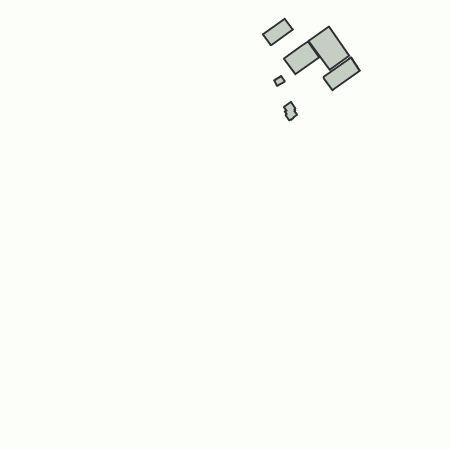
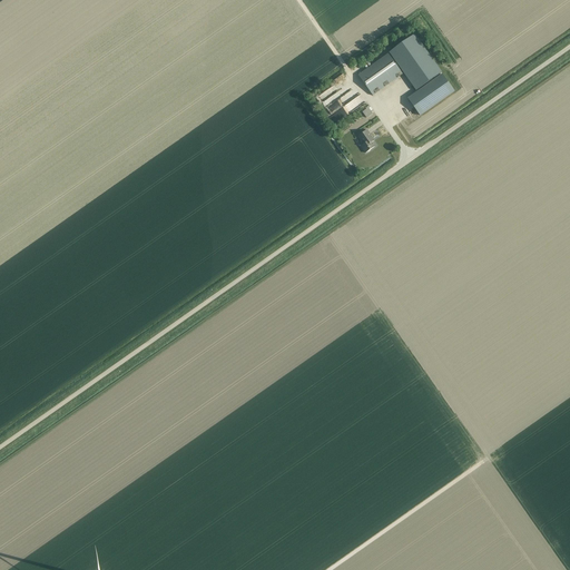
building: [263,19,293,45] -> none

